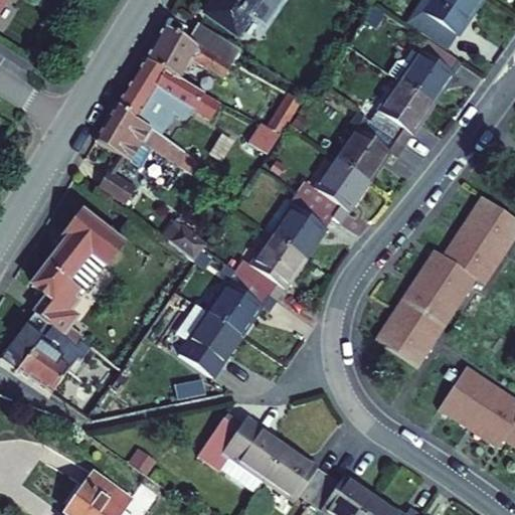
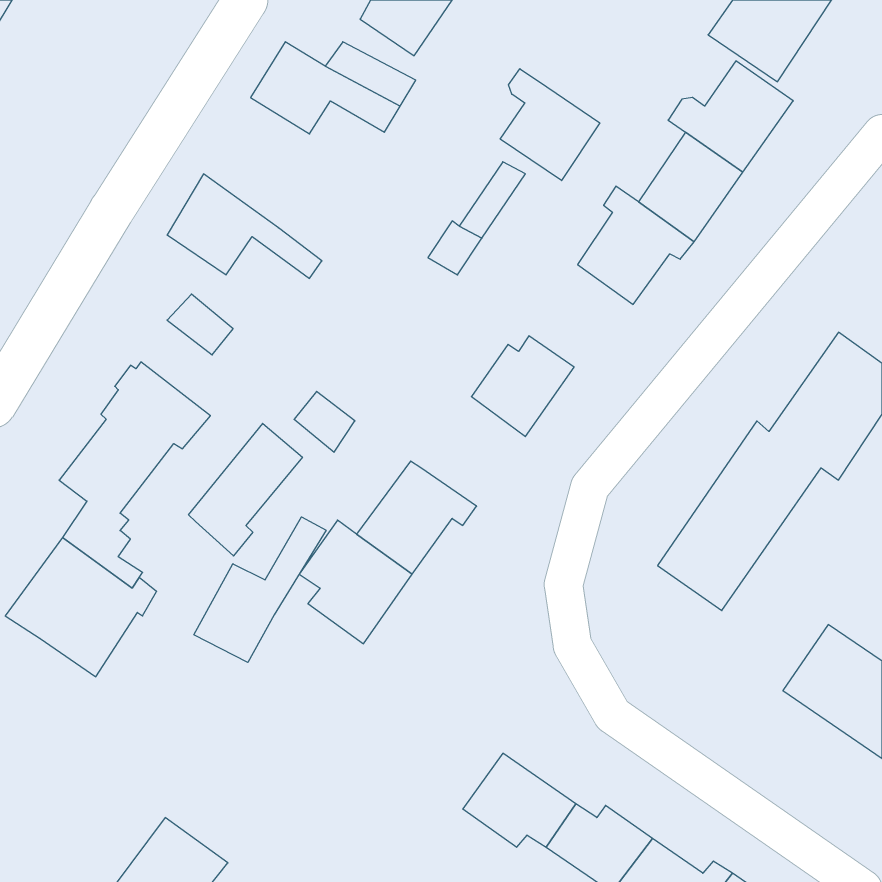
building: none -> [500,69,600,181]
building: [118,60,220,136] -> none
building: [299,157,366,220] -> none
building: [237,233,304,297] -> none
building: none -> [189,423,302,556]
building: none -> [194,517,326,662]
building: [199,408,291,487] -> none

